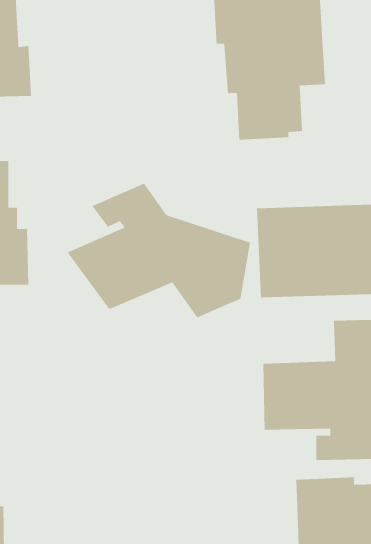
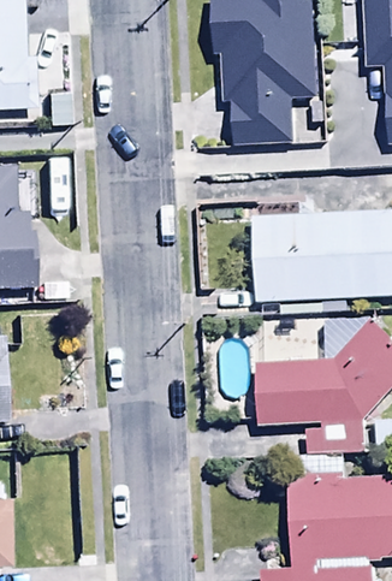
building: [67,183,250,318] -> none

